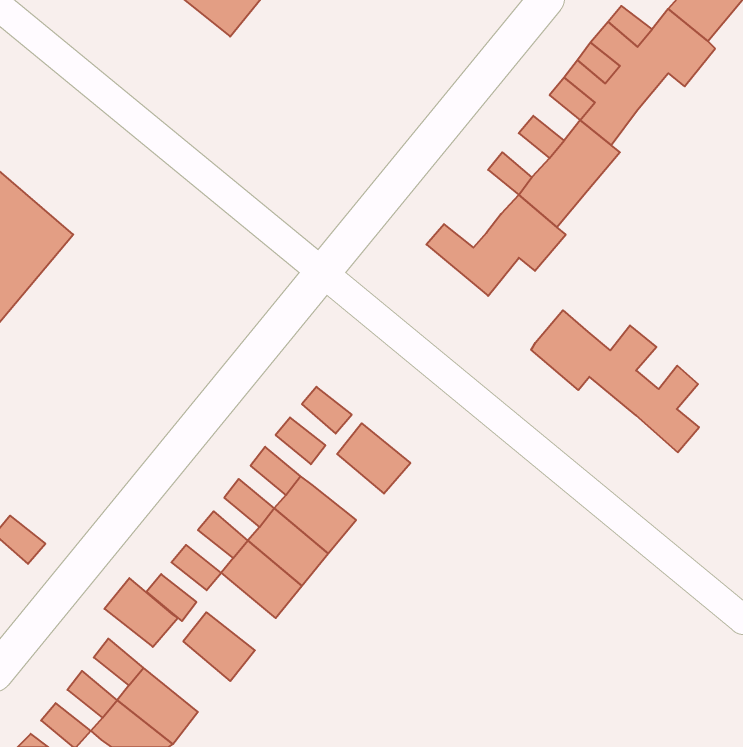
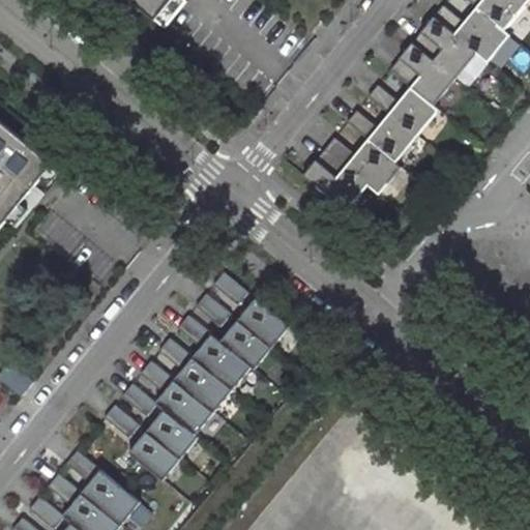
building: none -> [314,135,354,175]
building: [531,310,699,452] -> none
building: none -> [220,321,271,371]
building: [104,578,178,647] -> [146,411,198,460]

